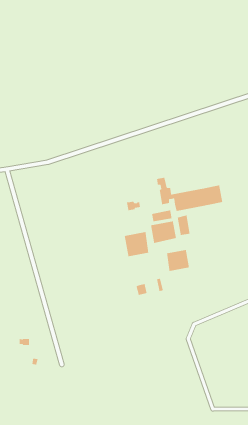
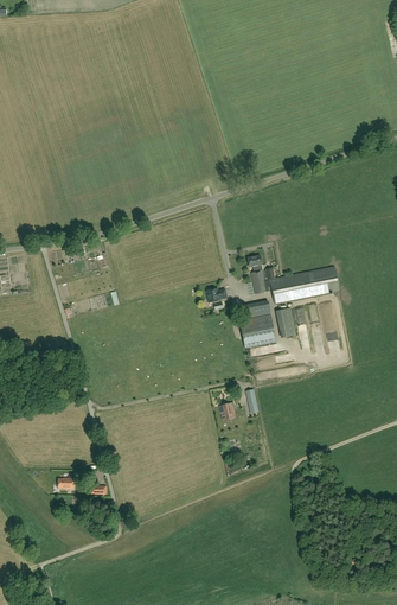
building: [124,231,149,257] -> none
building: [166,249,190,272] -> none

